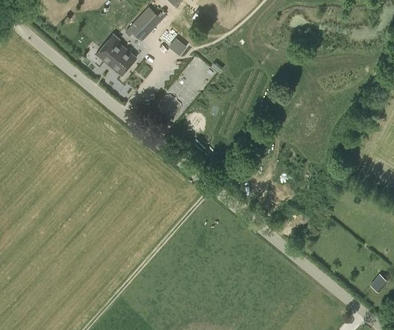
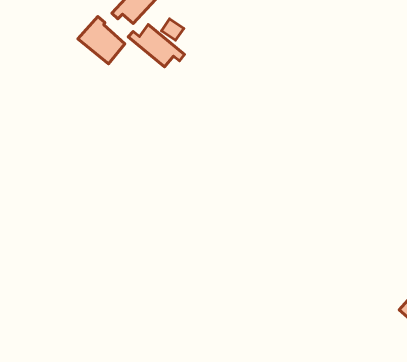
building: none -> [128,25,184,67]

